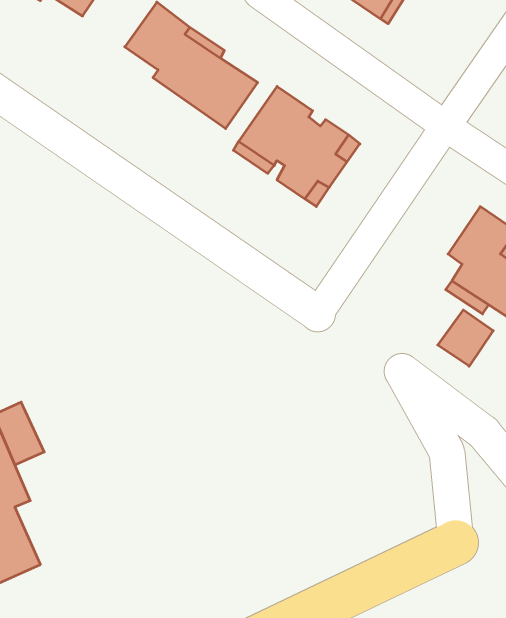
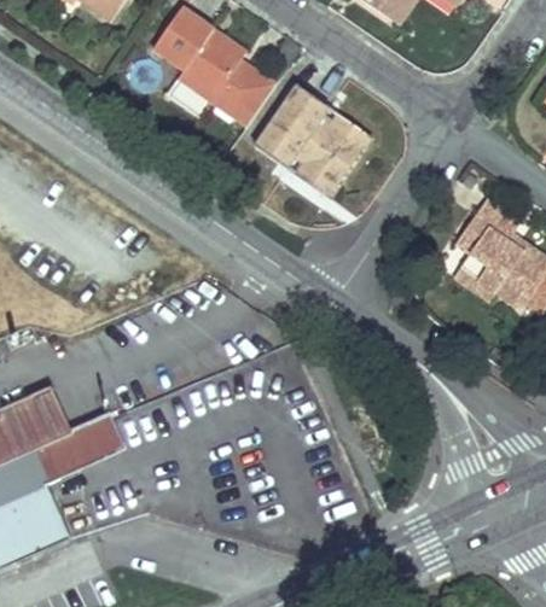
building: [438,310,493,366] -> none
building: none -> [46,413,127,475]

